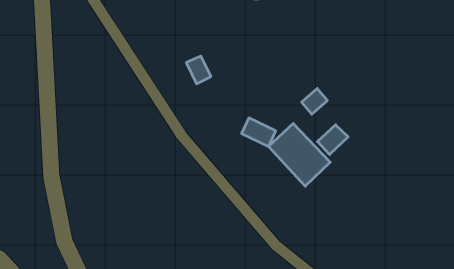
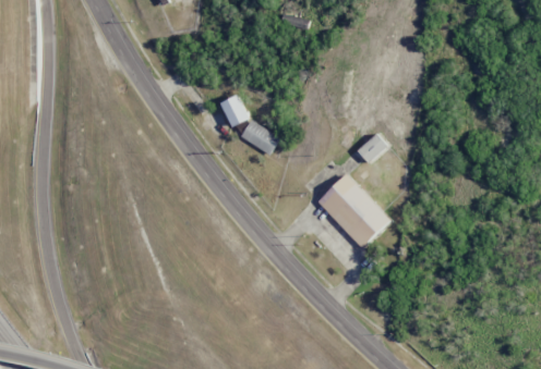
building: [242,118,276,147] -> [240,121,280,155]
building: [317,125,348,155] -> none

